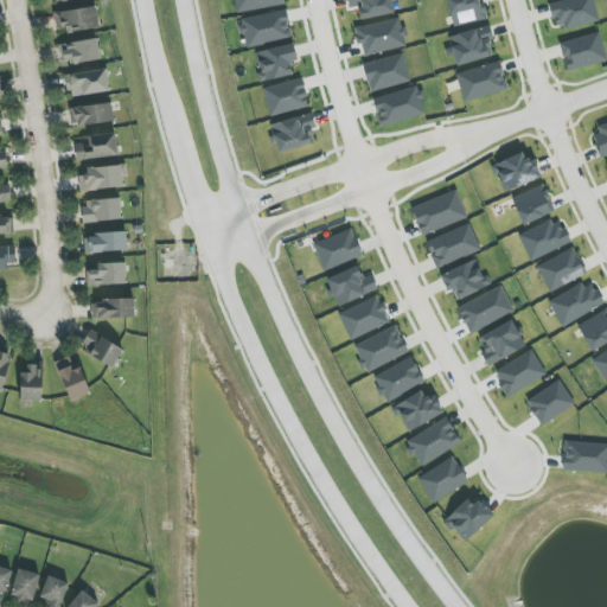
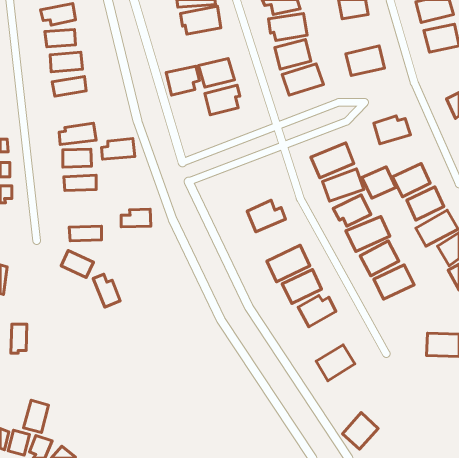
building: [448,25,496,65] -> none
building: [255,43,299,81] -> [166,66,199,95]
building: [75,132,119,159] -> [102,138,135,159]
building: [511,183,556,224] -> [362,167,396,198]
building: [314,229,362,268] -> none
building: [87,261,126,285] -> [121,209,151,227]
building: [338,294,390,339] -> none
building: [55,356,90,400] -> [93,274,120,307]
building: [21,365,43,403] -> [11,324,27,353]
building: [525,378,575,424] -> none
building: [405,418,460,464] -> none
building: [445,493,492,542] -> [342,412,378,449]
building: none -> [24,400,49,433]

